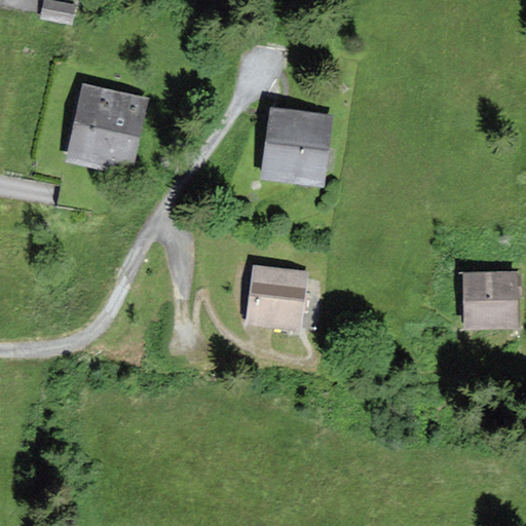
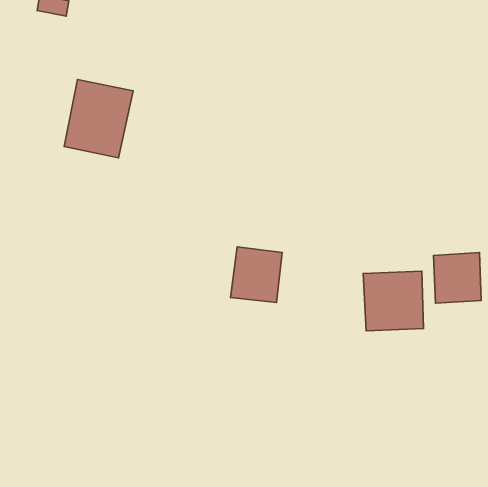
building: [264,109,327,182] -> none
building: none -> [363,271,424,331]

